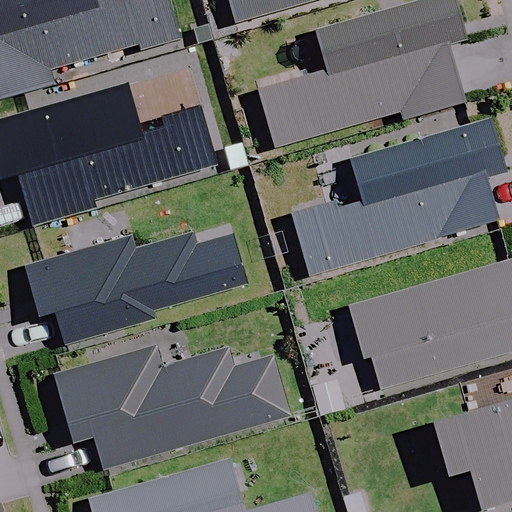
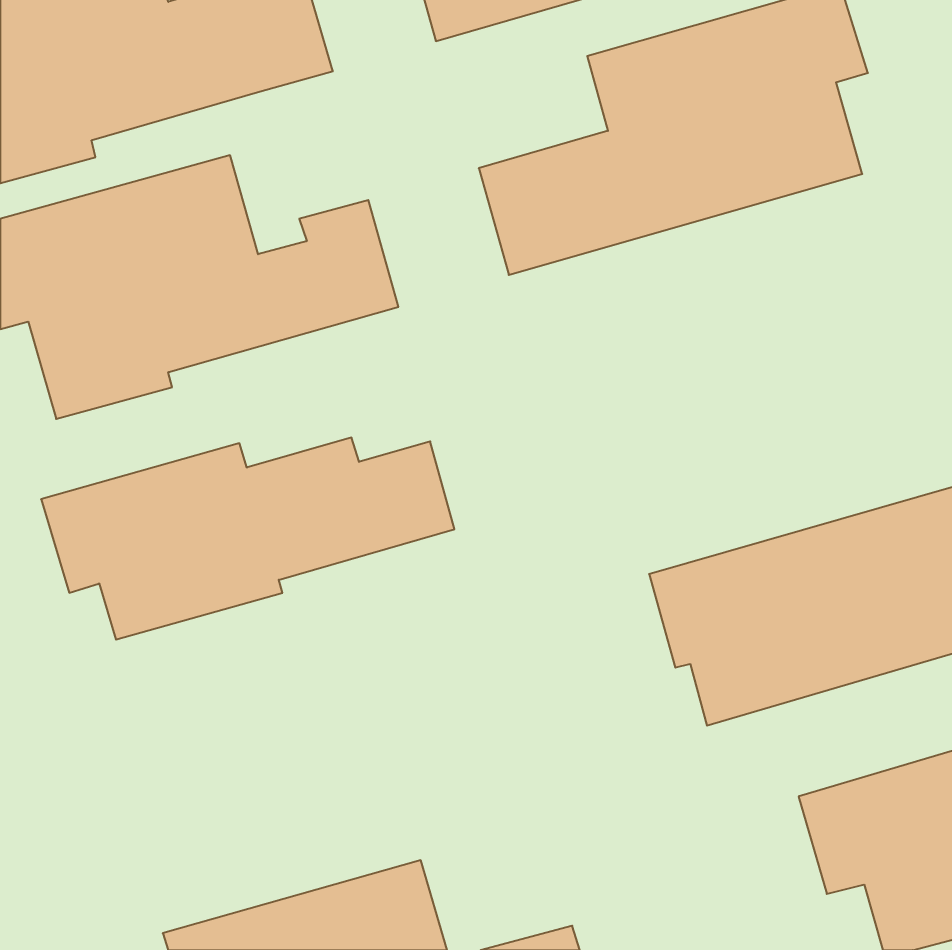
building: [292,118,506,274] -> none
building: [53,347,288,468] -> none

